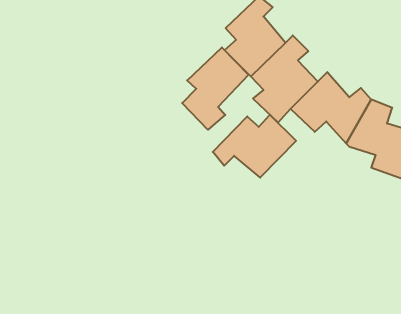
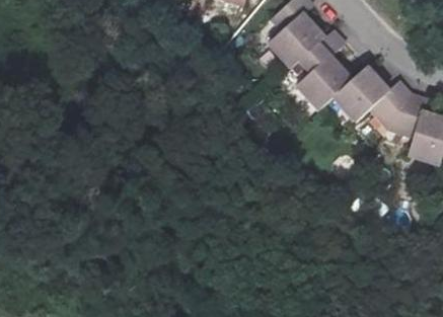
building: [182,47,248,130] -> none
building: [213,115,296,178] -> none

